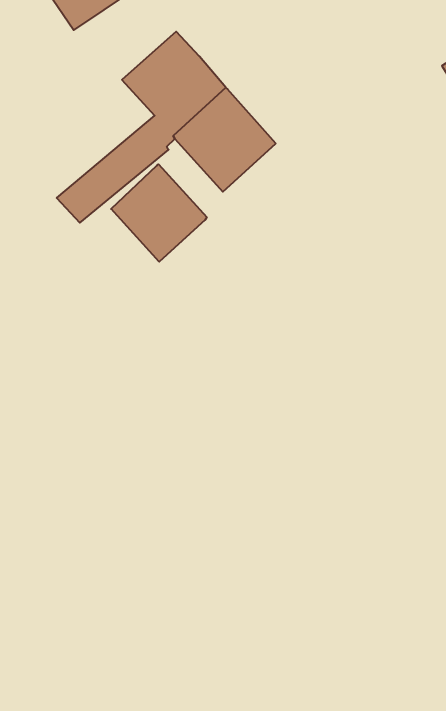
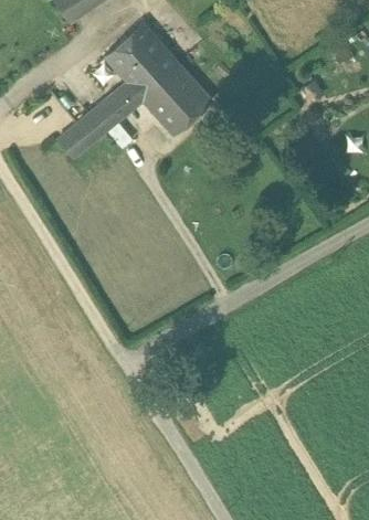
building: [111,164,207,262] -> none

